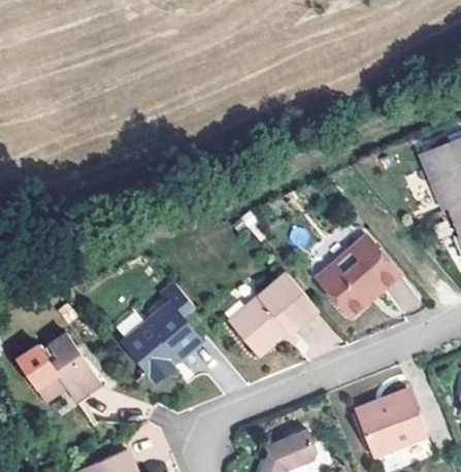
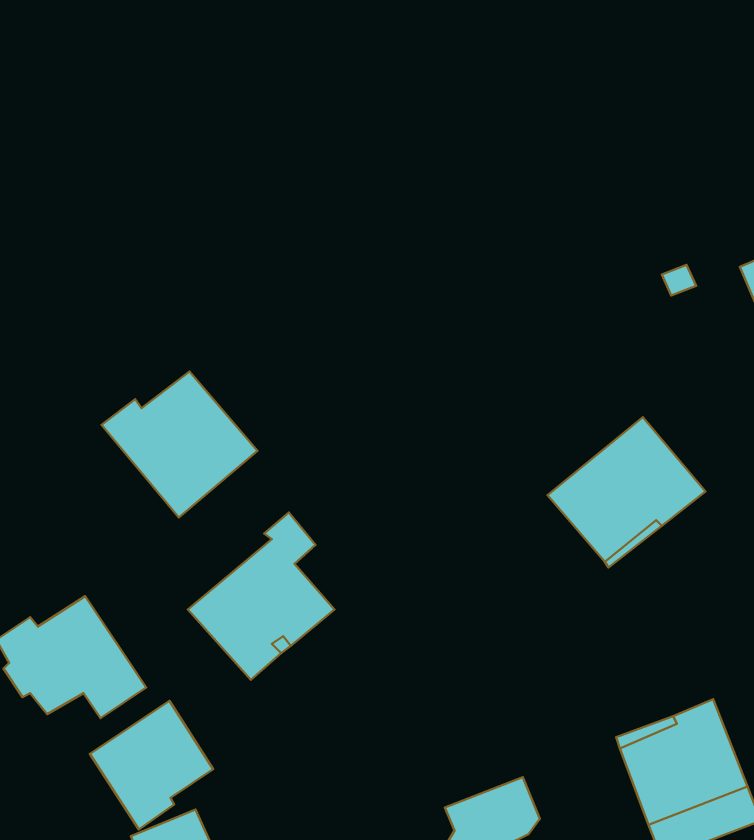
building: none -> [101,372,258,517]
building: [229,272,320,352] -> none
building: none -> [90,701,213,829]

